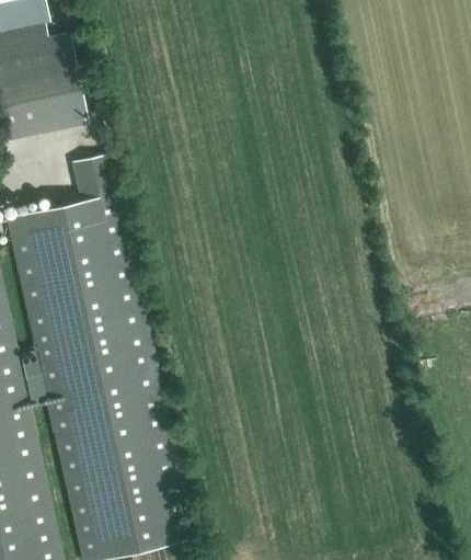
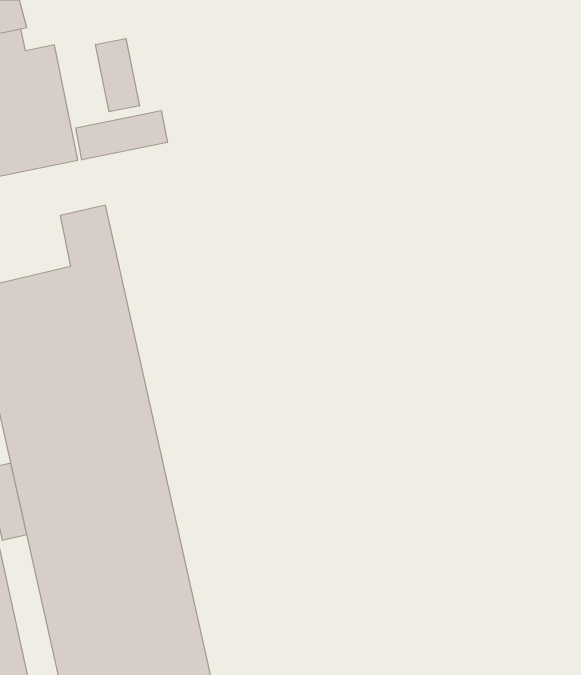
building: none -> [96,38,139,112]
building: none -> [76,111,167,160]

